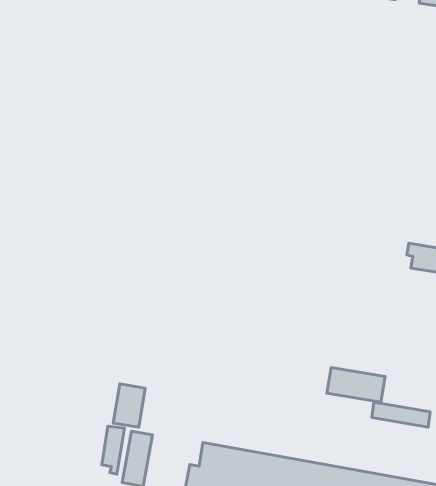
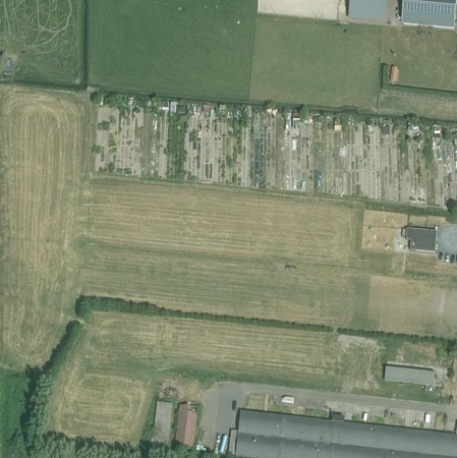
building: [327,367,385,402] -> none
building: [113,384,145,427] -> none

